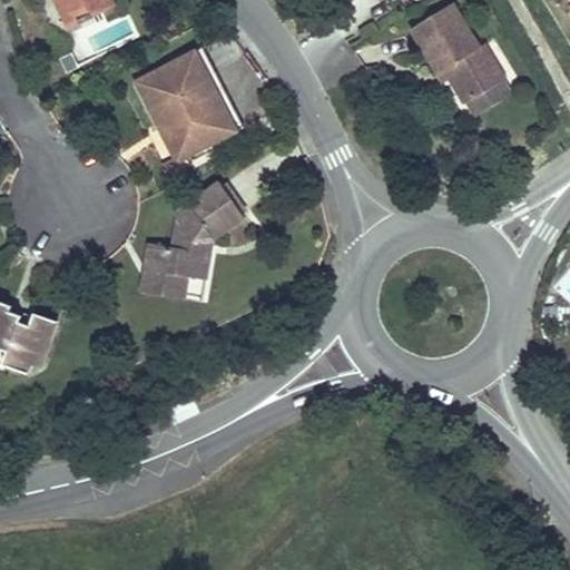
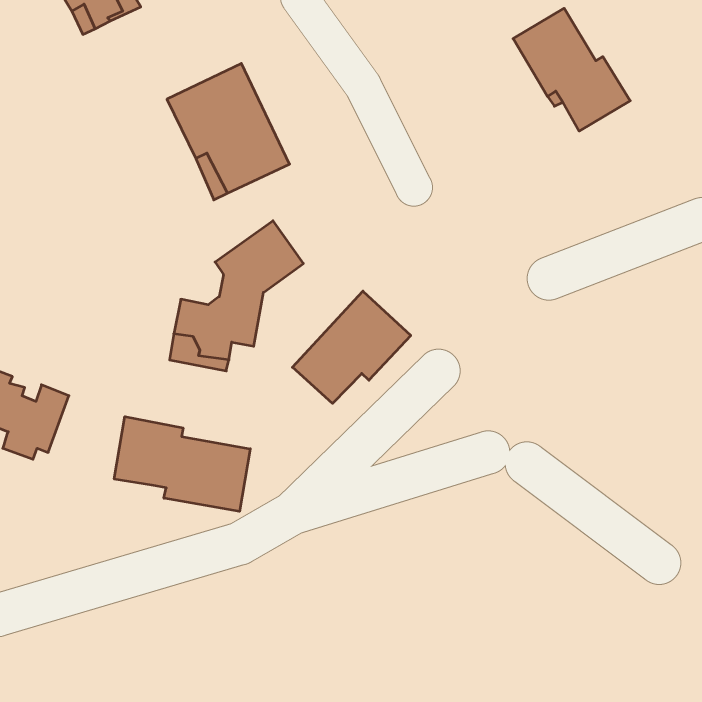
building: none -> [292,291,411,403]
building: none -> [114,417,250,511]

